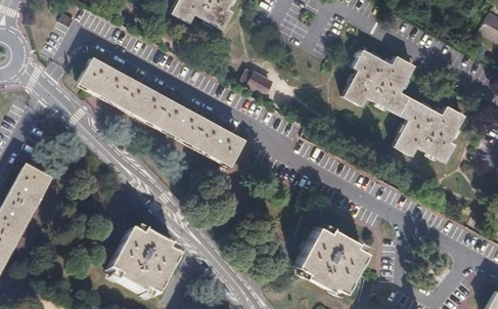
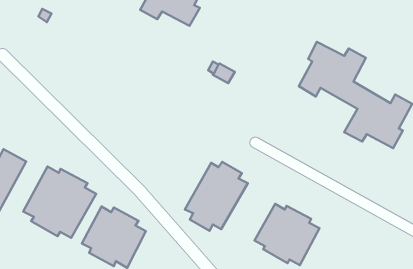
building: [78,55,241,160] -> none
building: none -> [185,162,248,231]
building: none -> [23,166,96,238]

